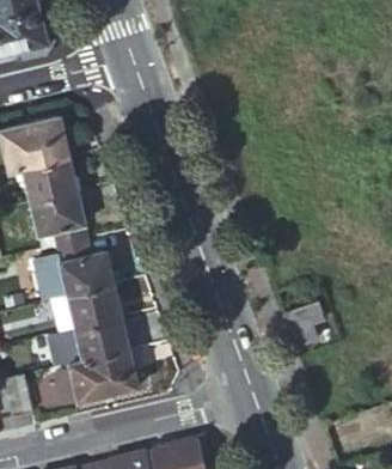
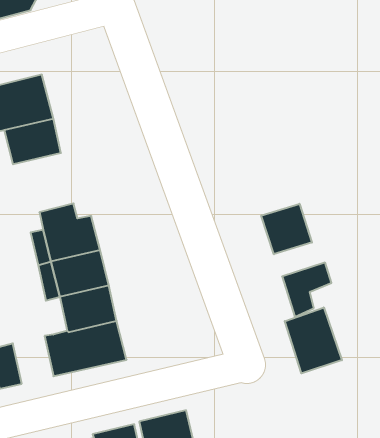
building: [30,191,87,248] -> none
building: none -> [261,204,312,254]
building: none -> [285,307,342,373]

